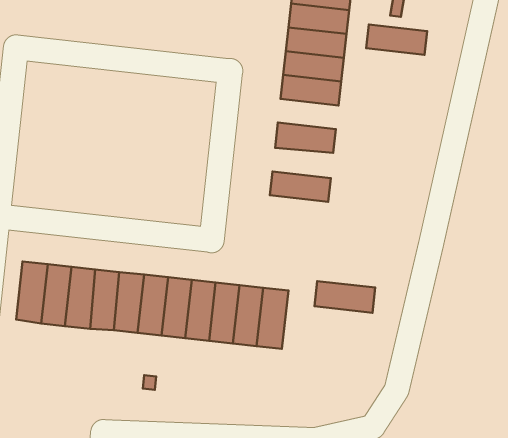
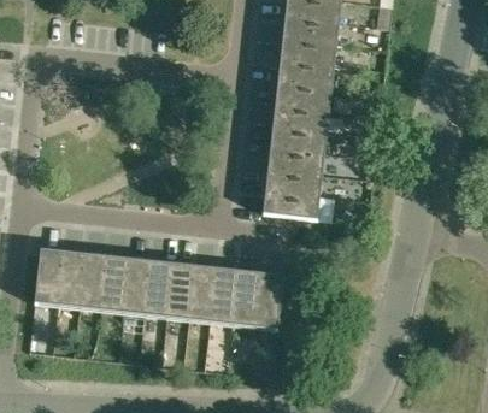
building: [366,24,427,55] -> [272,100,328,128]
building: none -> [267,144,323,172]
building: [314,281,375,313] -> [263,188,318,217]

